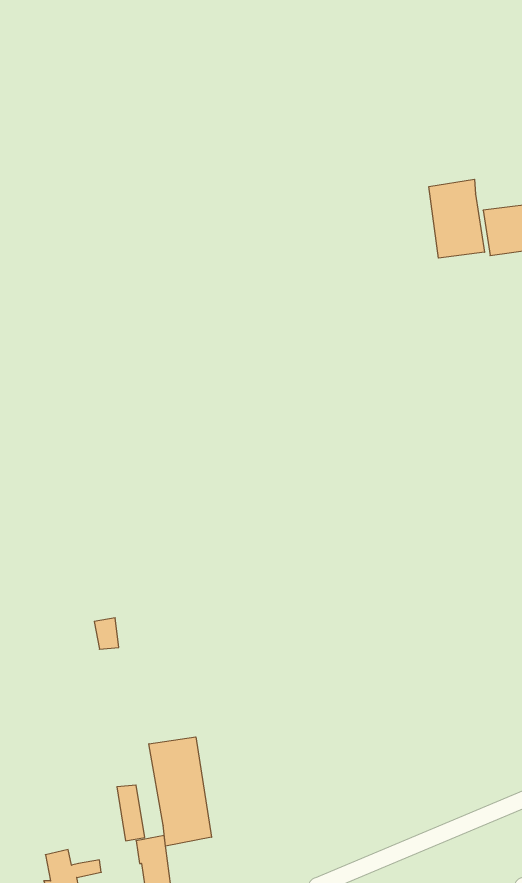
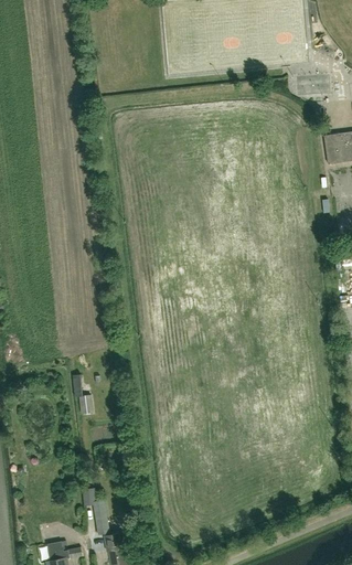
building: [429,179,485,258] -> none
building: [149,737,212,846] -> none

